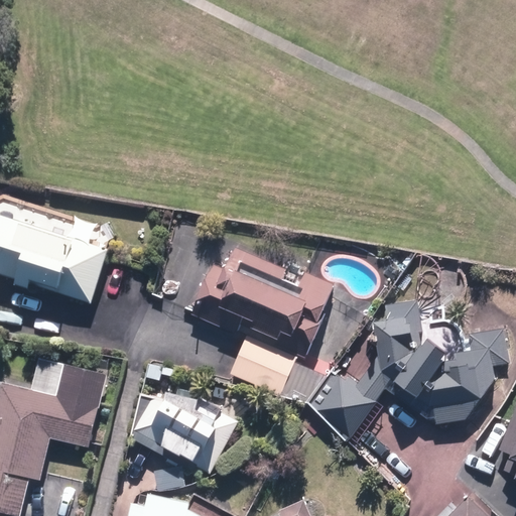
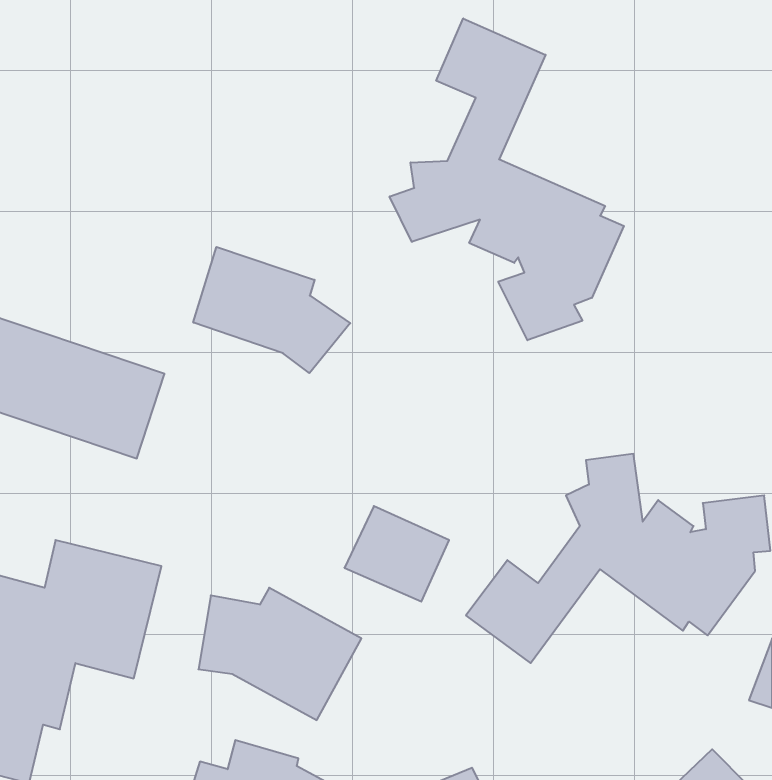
building: none -> [390,18,624,340]
building: none -> [193,247,350,373]
building: [185,247,334,358] -> none

